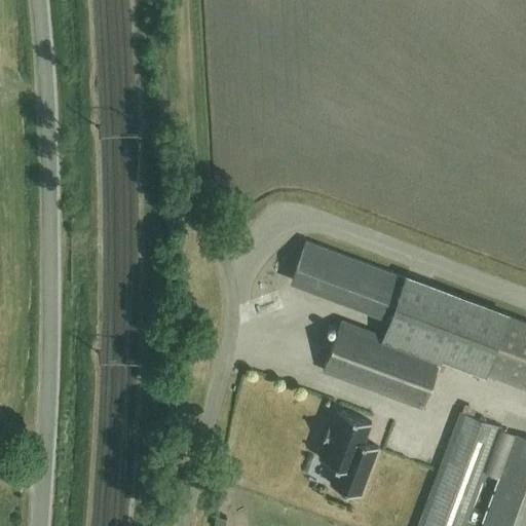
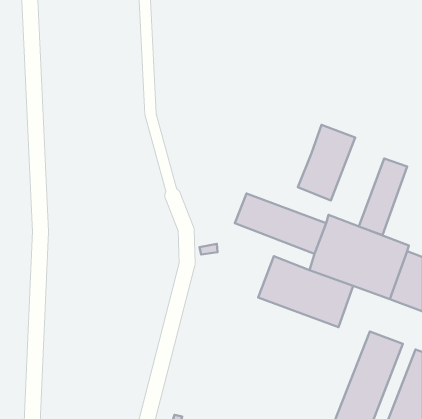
building: none -> [298,125,355,200]
building: none -> [359,158,407,235]
building: [321,413,378,498] -> none

